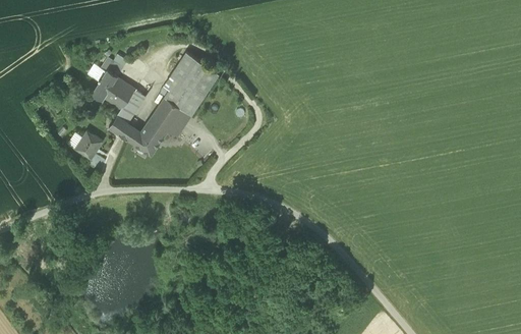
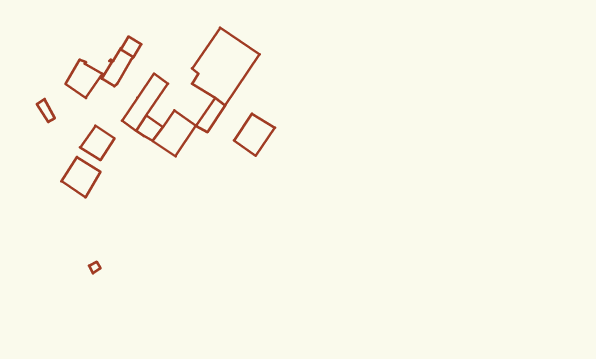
building: [104,78,133,109] -> [66,60,102,98]
building: [150,98,182,131] -> [234,114,275,156]
building: none -> [61,157,100,197]

